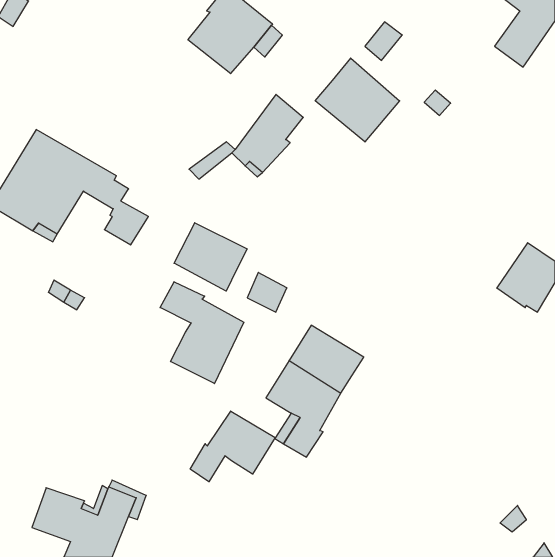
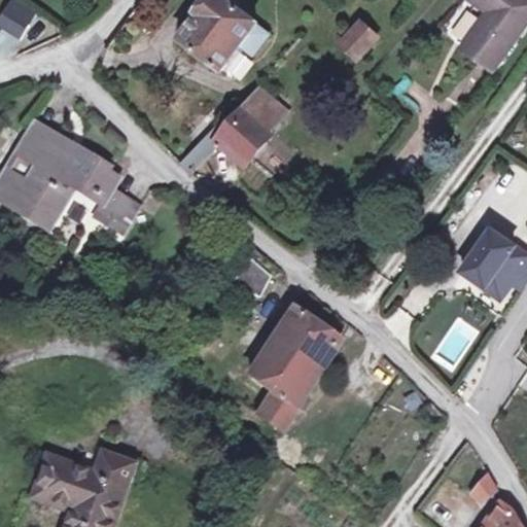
building: [315,58,400,142] -> none
building: [174,223,247,291] -> none
building: [160,282,244,384] -> none
building: [190,411,275,482] -> none

